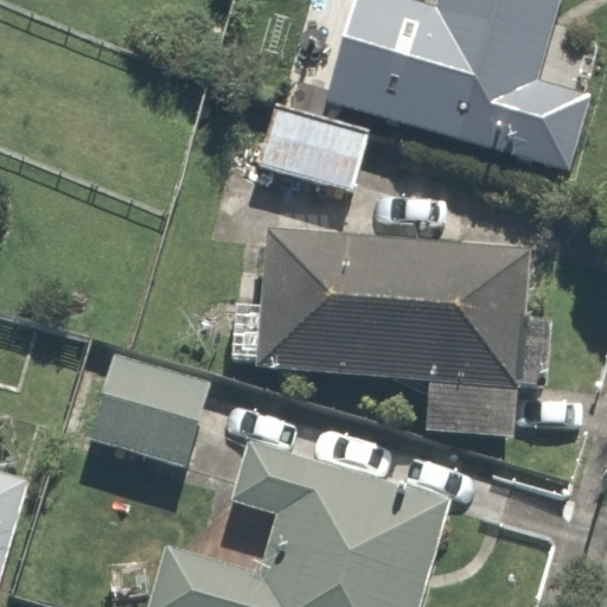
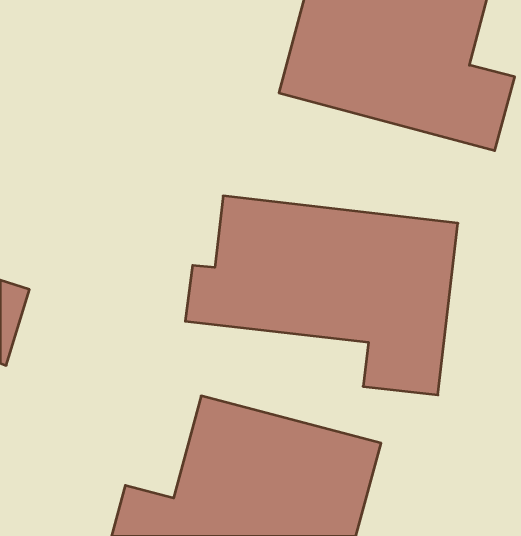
building: [232,95,377,197] -> none
building: [81,345,207,467] -> none

